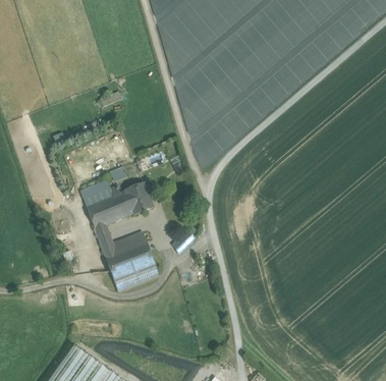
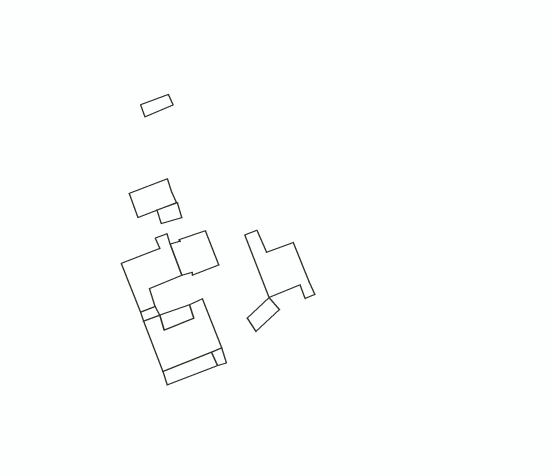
building: [79,178,112,205] -> [129,179,176,217]
building: none -> [245,230,315,299]

